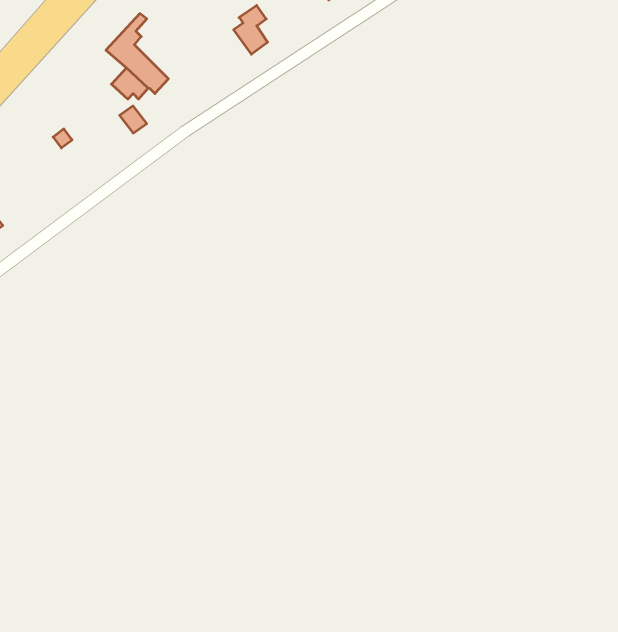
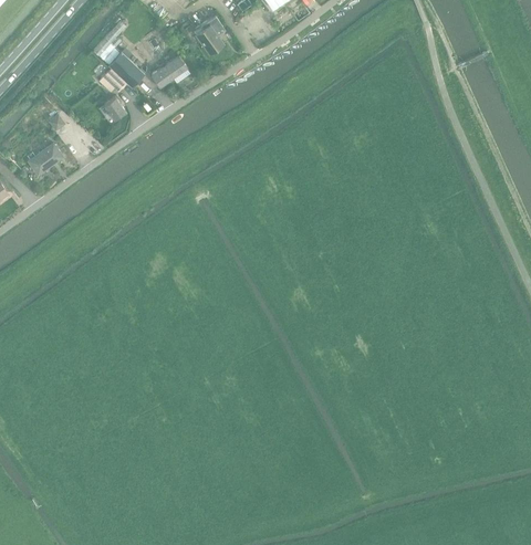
building: none -> [150,55,188,88]
building: none -> [27,142,61,174]

